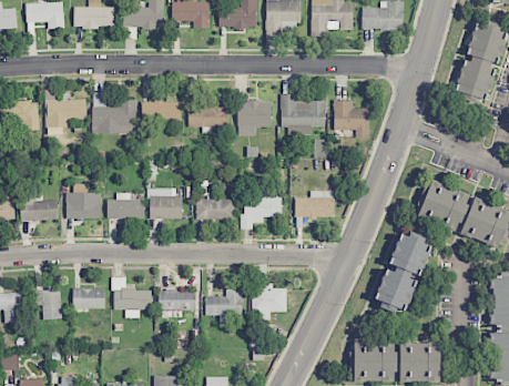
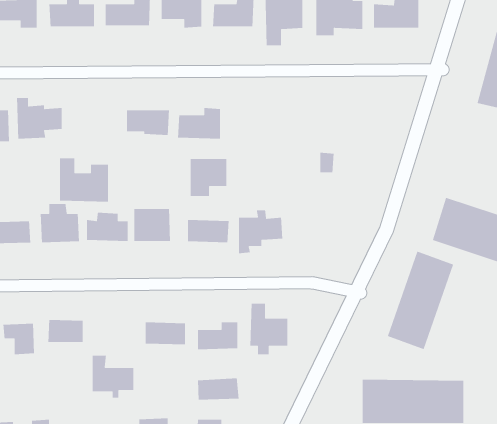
building: [281,93,325,134] -> none
building: [92,94,136,134] -> [59,157,109,202]
building: [237,101,271,135] -> [190,158,227,197]
building: [333,101,369,138] -> none
building: [294,191,334,217] -> none
building: [113,277,151,316] -> [92,355,134,398]
building: none -> [197,377,239,400]

